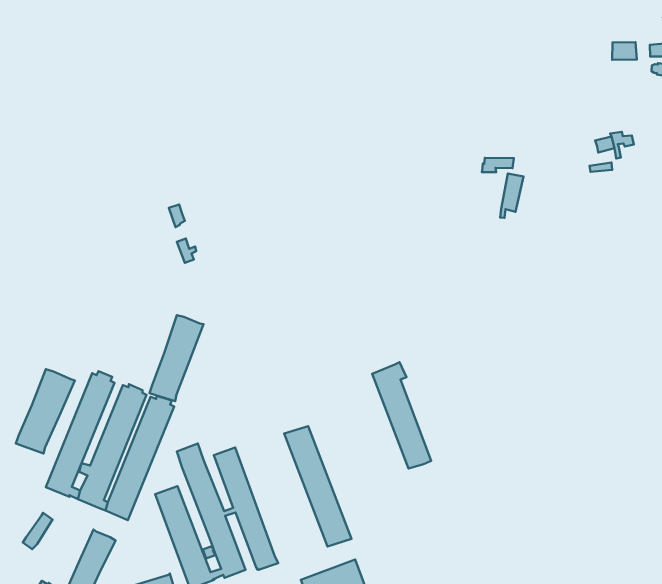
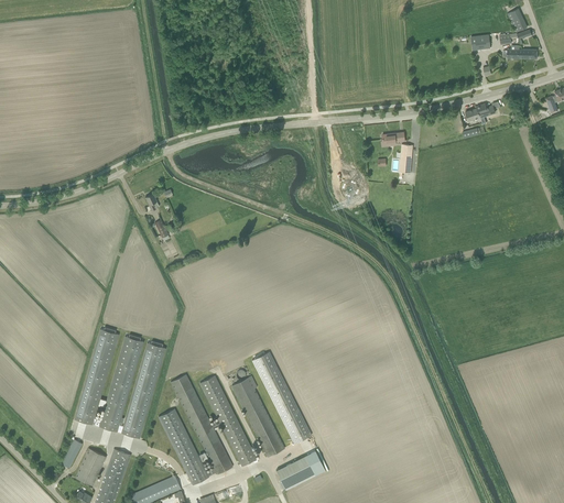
building: [150,315,204,401] -> none
building: [372,362,431,469] -> [231,375,283,456]
building: [16,369,75,454] -> none
building: none -> [75,448,106,485]

